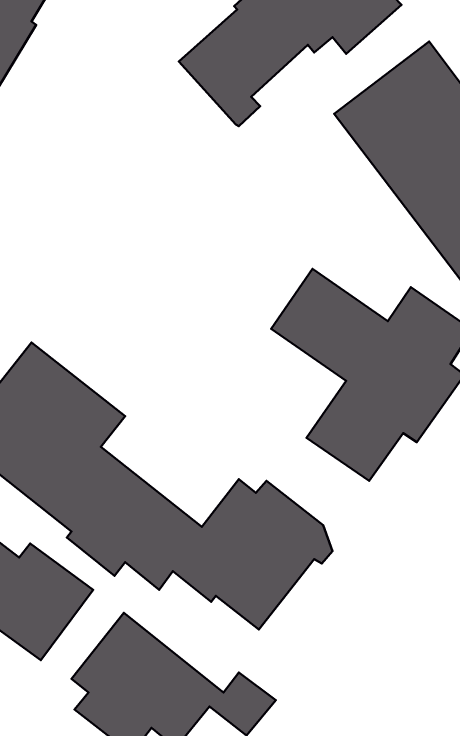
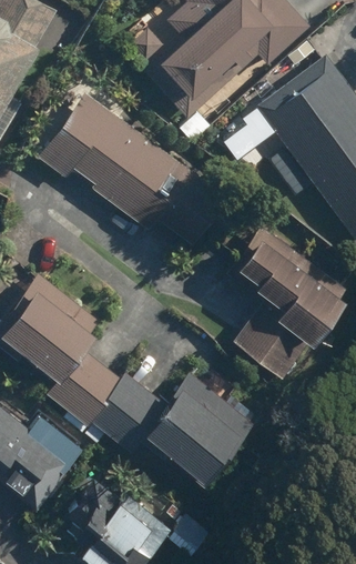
building: none -> [42,95,232,245]

